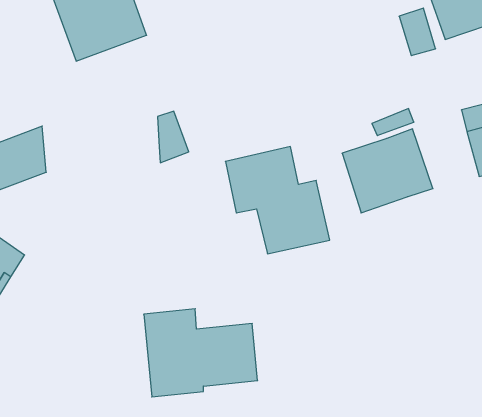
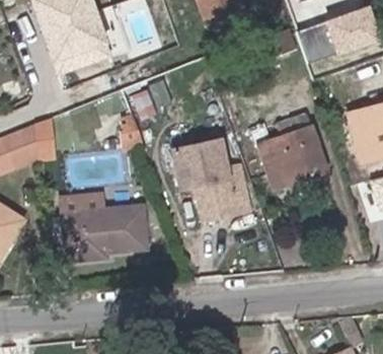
building: [144,309,258,397] -> [61,193,146,259]

